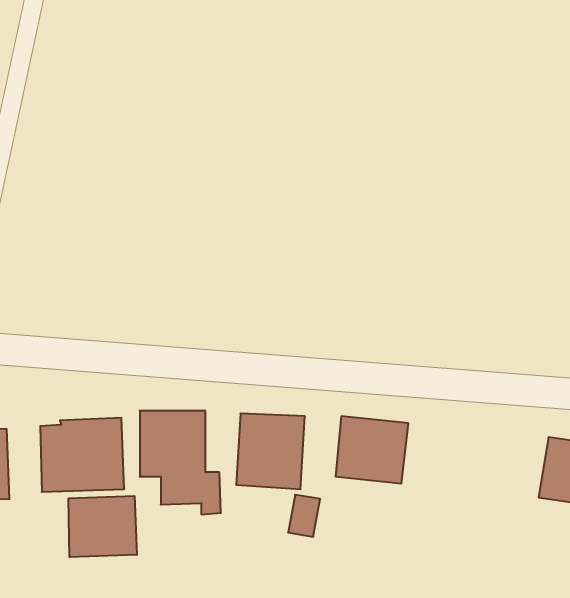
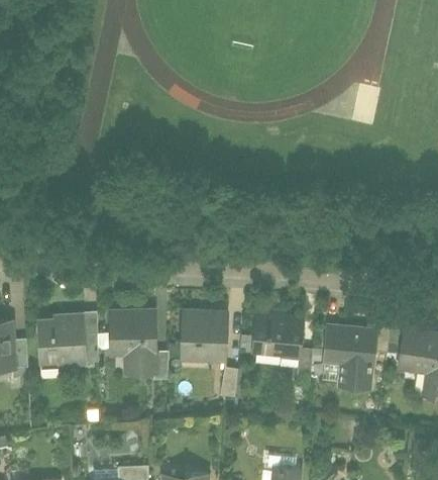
building: none -> [322,324,378,391]
building: [69,496,137,557] -> none

